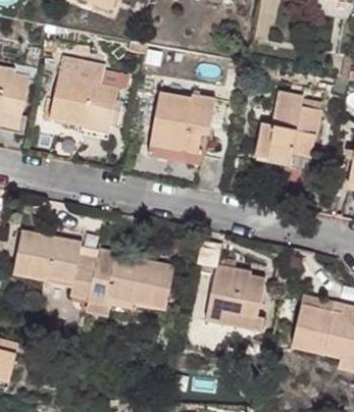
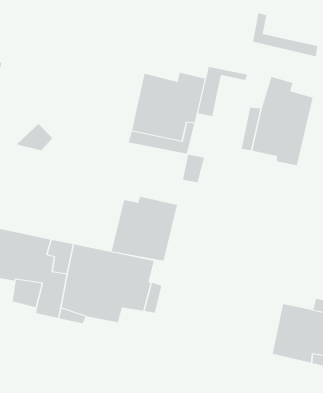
building: none -> [253,12,318,57]
building: [45,64,119,142] -> none
building: none -> [197,66,248,117]
building: [197,265,261,327] -> [111,196,178,261]

